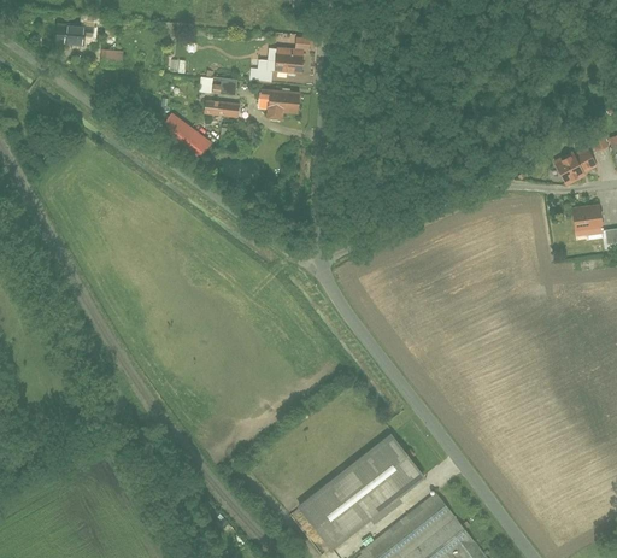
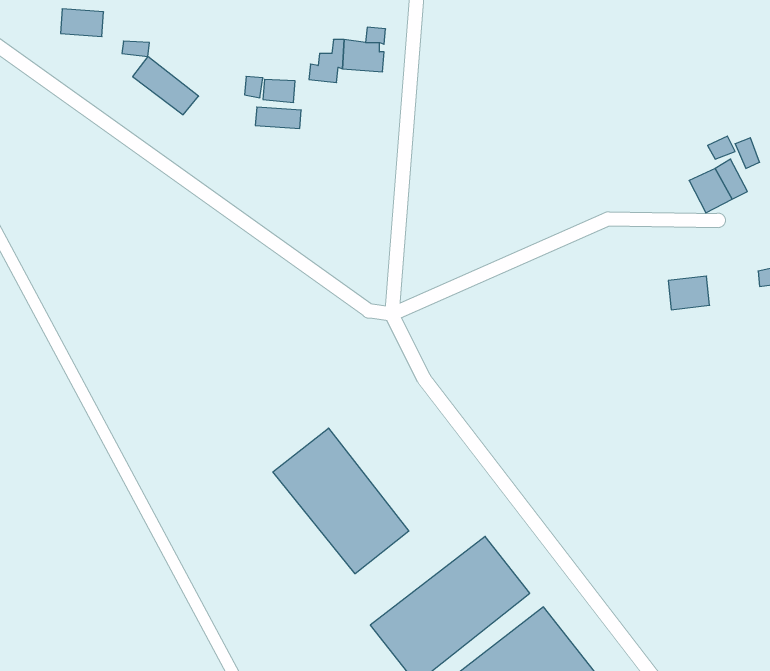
building: [257,88,302,119] -> none
building: [161,112,213,158] -> [133,56,199,115]
building: [568,202,600,229] -> [668,276,710,310]
building: none -> [273,428,409,574]

